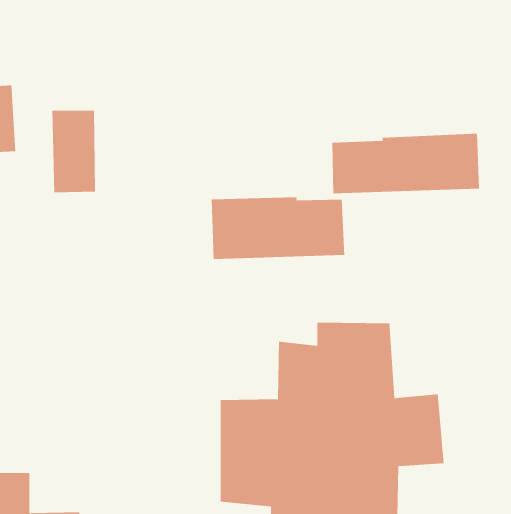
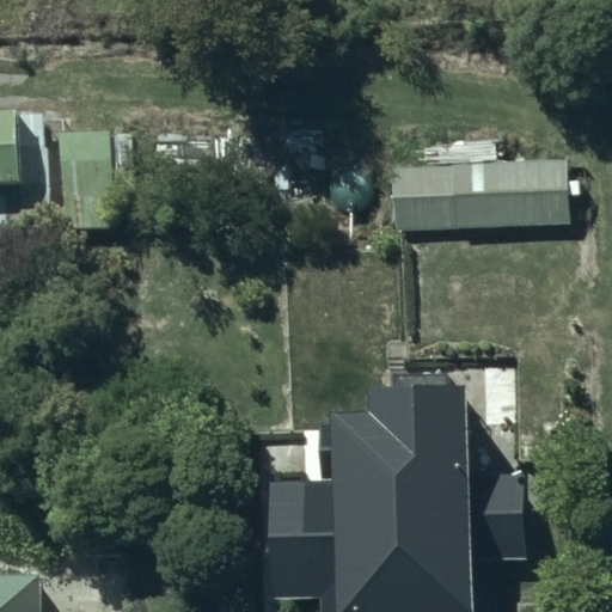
building: [211,197,345,260] -> none

